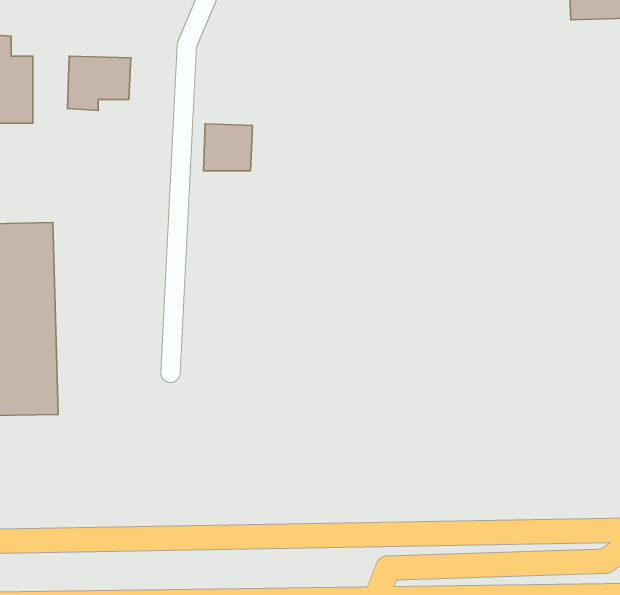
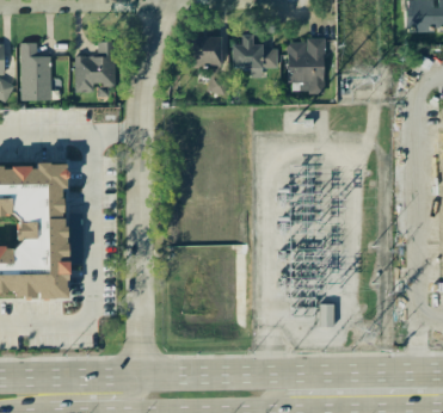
building: none -> [232,35,278,68]
building: none -> [288,39,326,93]
building: [203,124,252,171] -> [190,36,222,67]

